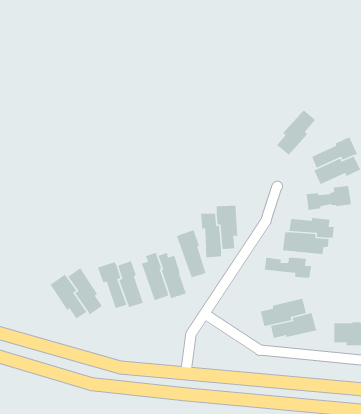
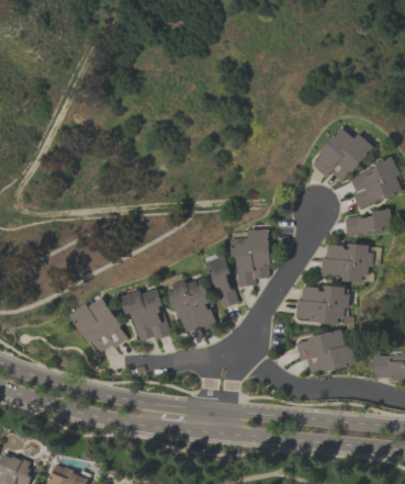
building: none -> [329,134,373,181]
building: none -> [293,300,345,324]

